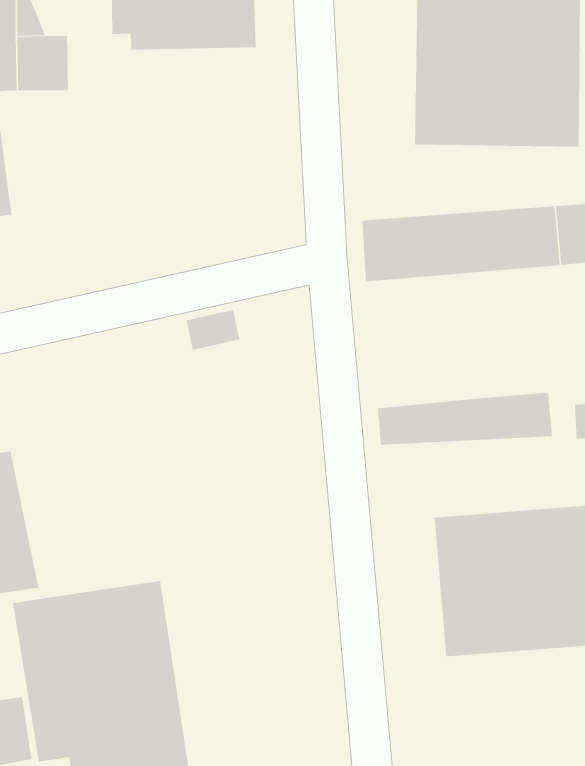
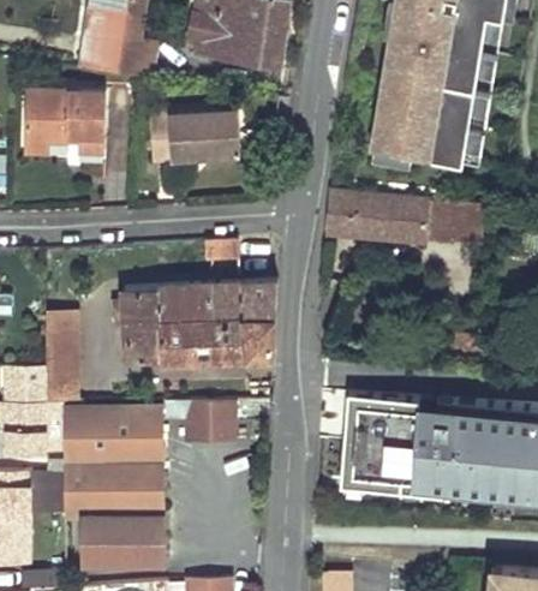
building: none -> [148,113,235,162]
building: none -> [113,280,276,359]
building: [377,392,552,445] -> none
building: none -> [165,401,234,440]

